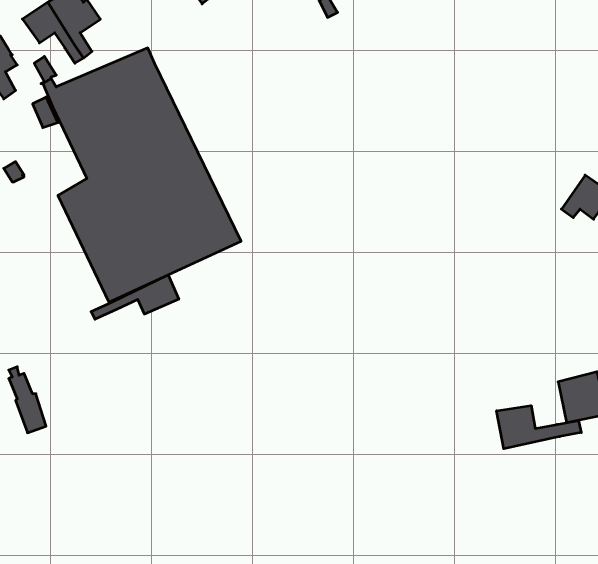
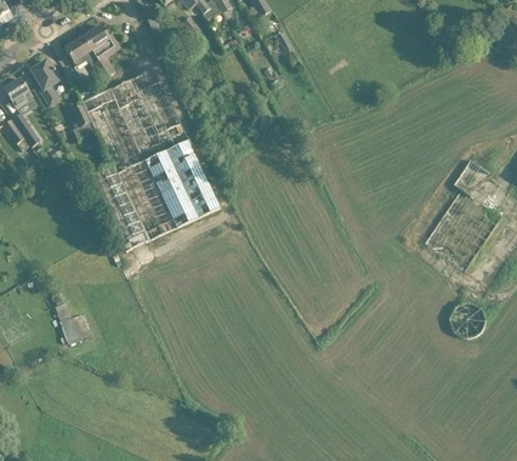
building: [91,275,179,319] -> none
building: [497,406,581,449] -> none

